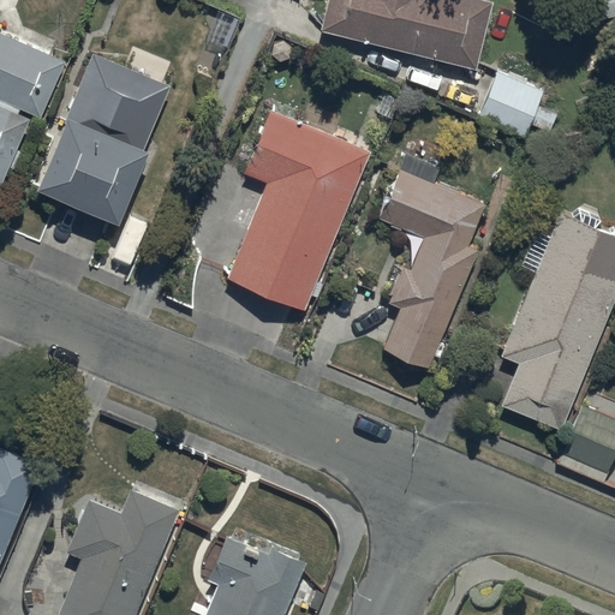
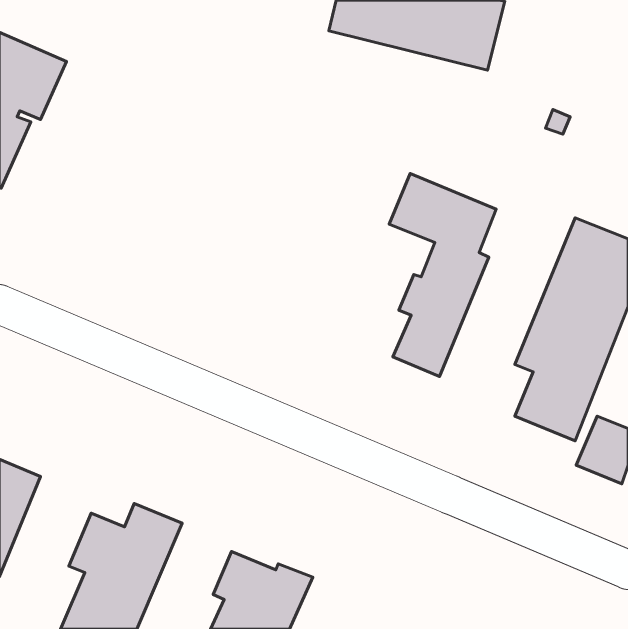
building: [36,53,169,221] -> none
building: [477,72,543,137] -> none
building: [227,111,370,310] -> none

